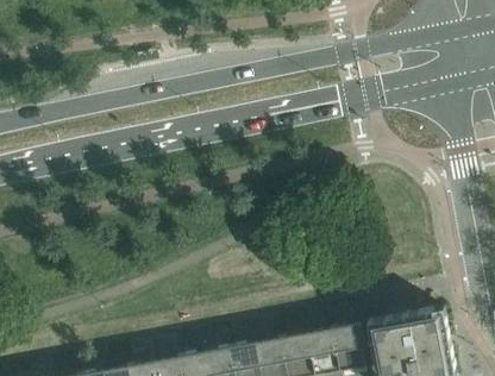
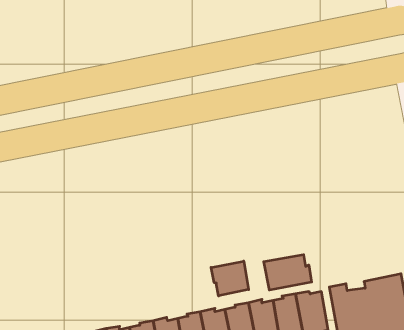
building: none -> [264,255,312,290]
building: none -> [211,261,249,296]

